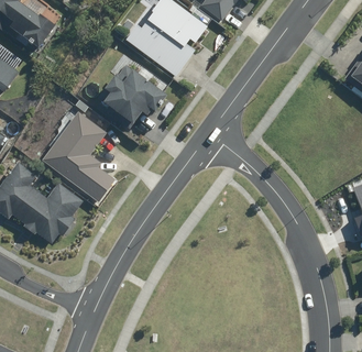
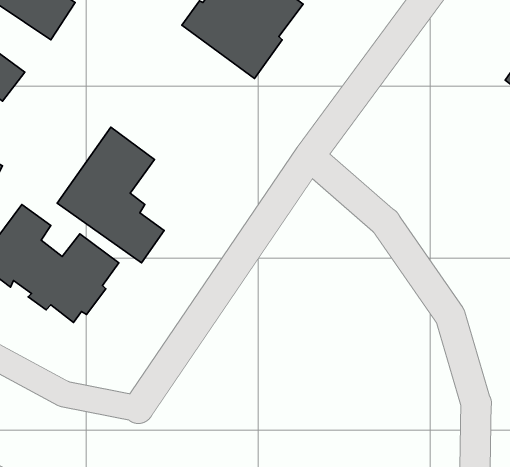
building: [102,64,164,133] -> none

